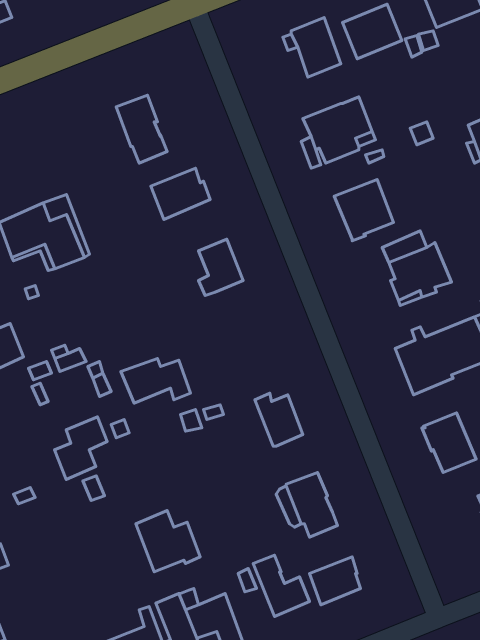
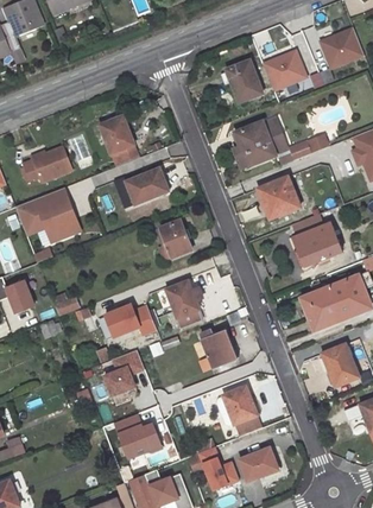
building: none -> [23,146,72,182]
building: none -> [166,280,202,325]
building: [54,417,107,480] -> [105,350,143,395]

